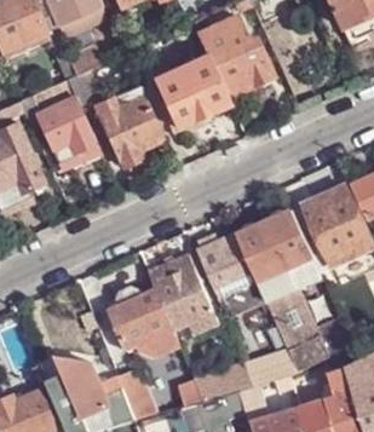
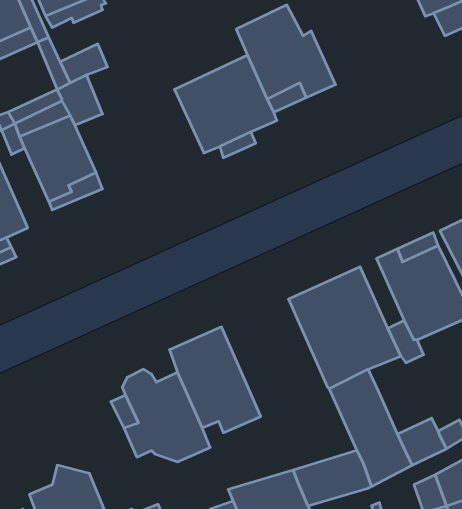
building: [94,86,165,166] -> none
building: [197,235,266,316] -> none

